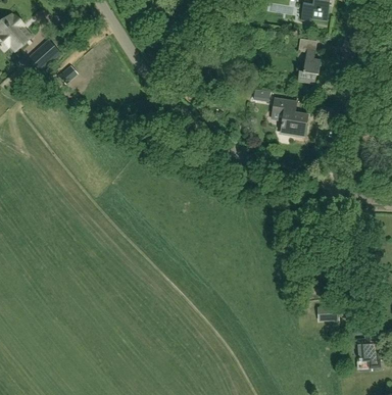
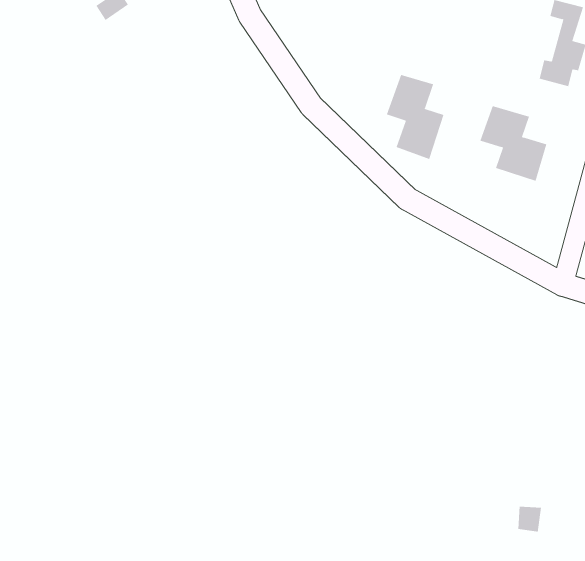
building: none -> [386,74,444,160]

